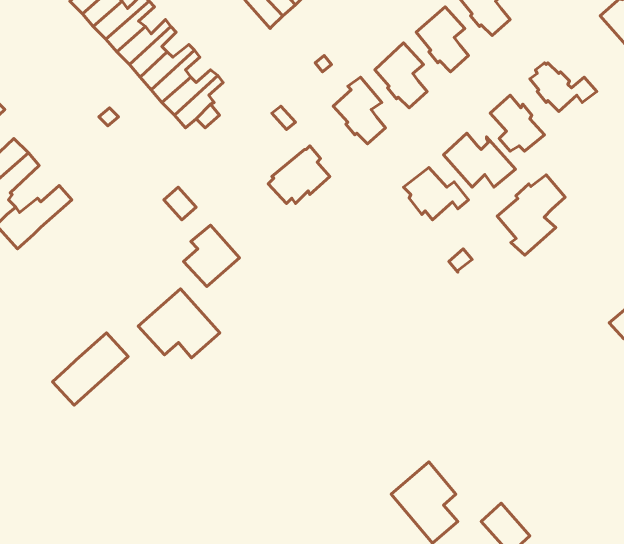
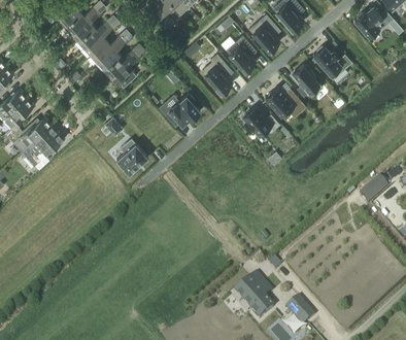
building: [497,175,565,255] -> none
building: [138,289,220,358] -> none
building: [52,333,128,405] -> [22,124,65,165]

